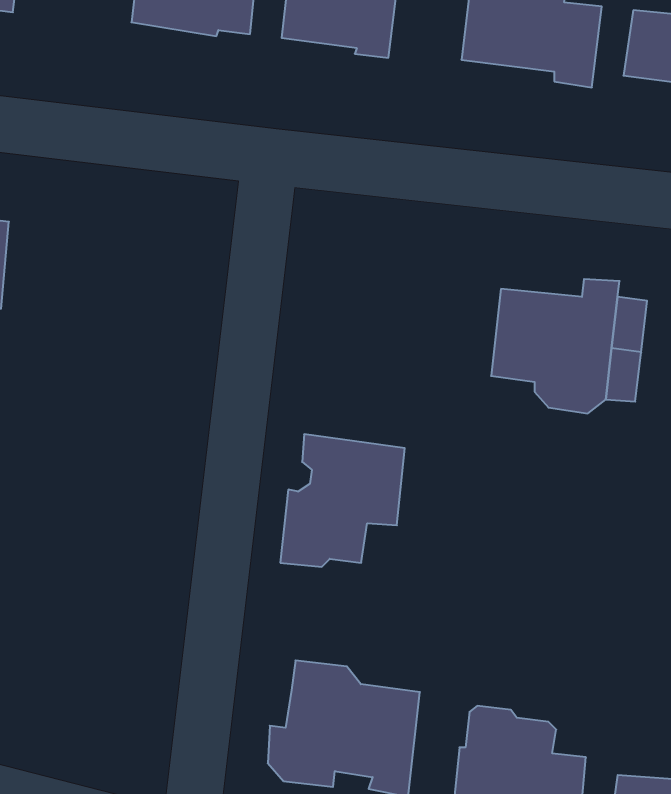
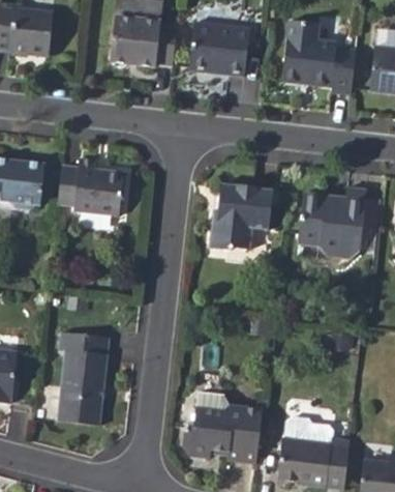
building: none -> [58,161,125,216]
building: [280,434,405,567] -> [207,182,272,252]
building: none -> [56,327,109,422]

